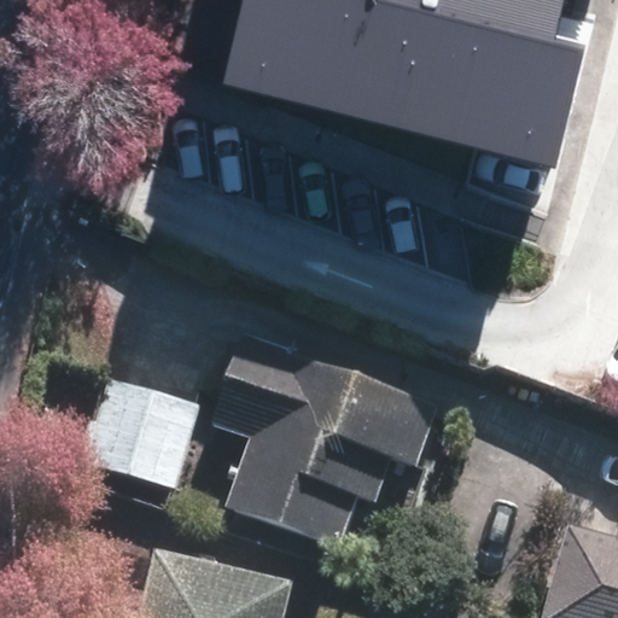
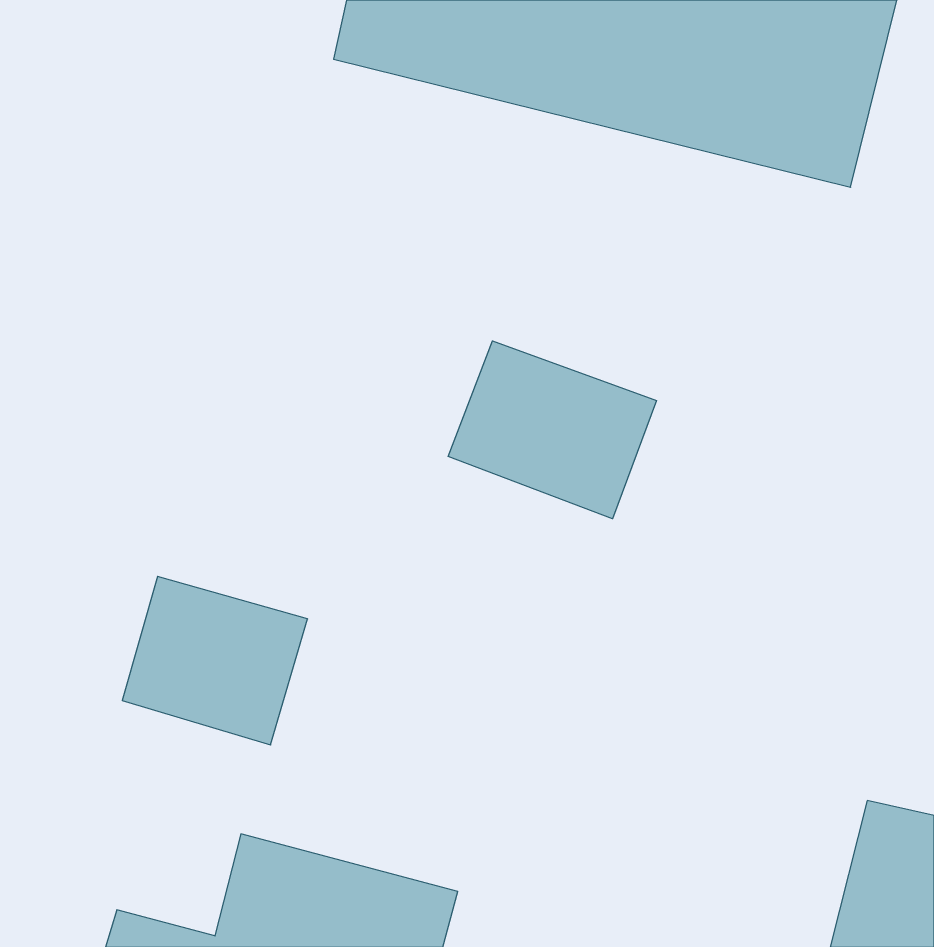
building: none -> [448,341,656,519]
building: [211,346,438,560] -> none

